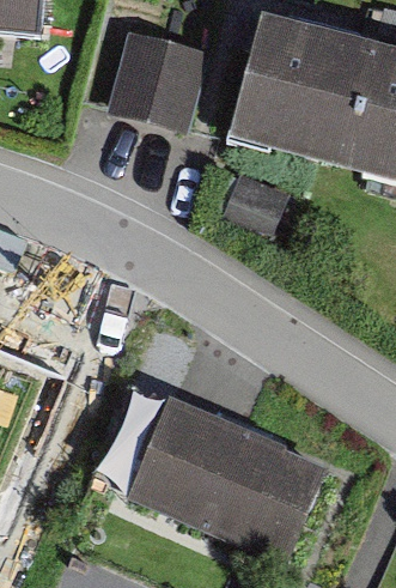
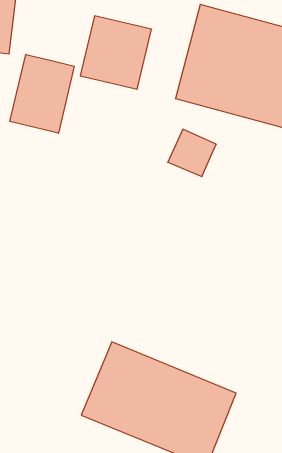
building: none -> [10,54,74,133]

